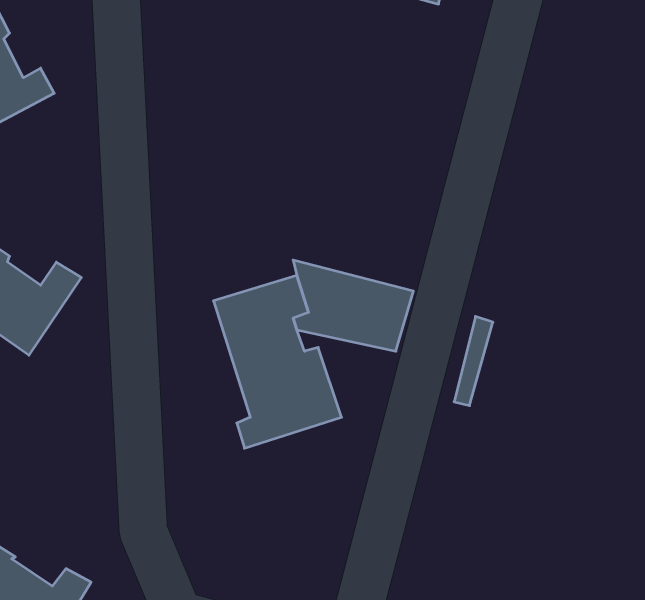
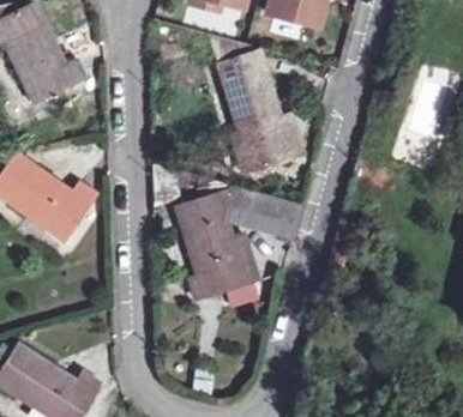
building: none -> [209,34,306,173]

